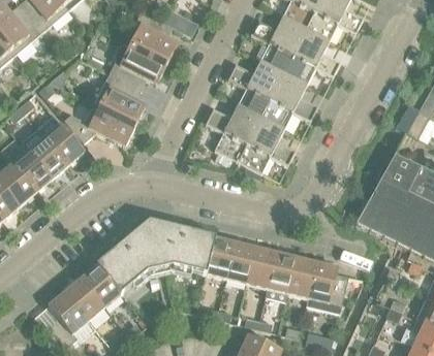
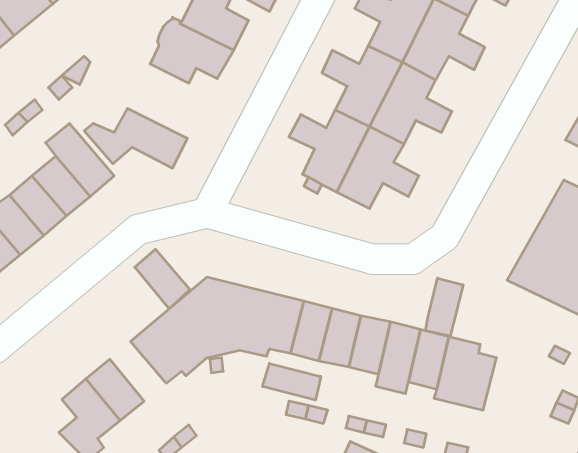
building: [94,72,146,124] -> none
building: none -> [425,278,463,336]
building: [82,264,120,305] -> [135,249,190,309]
building: none -> [263,363,321,400]

